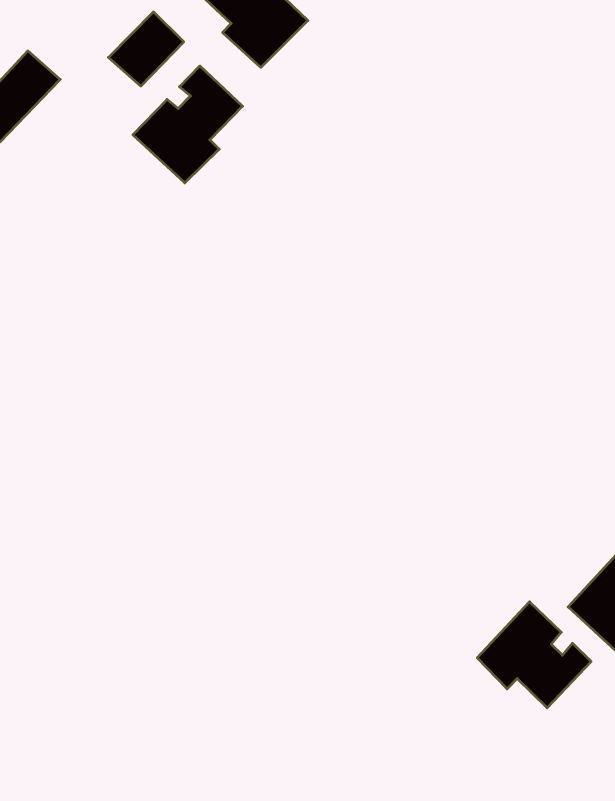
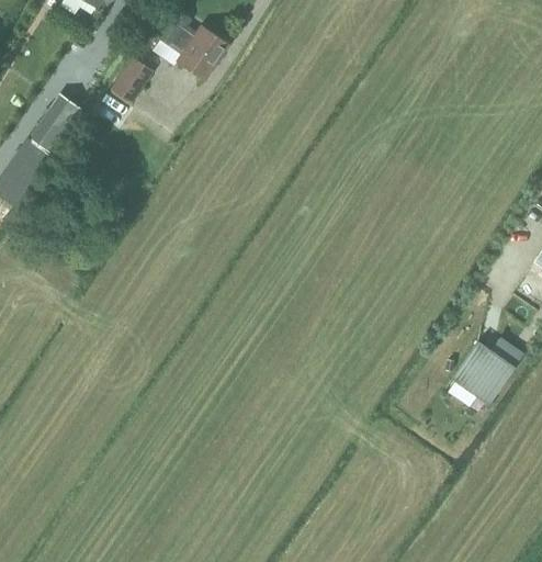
building: [133,66,243,183] -> none
building: [477,602,591,708] -> none

